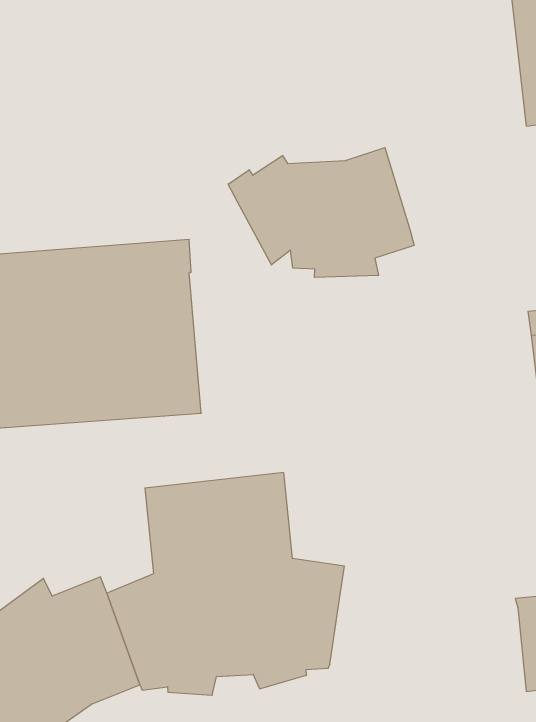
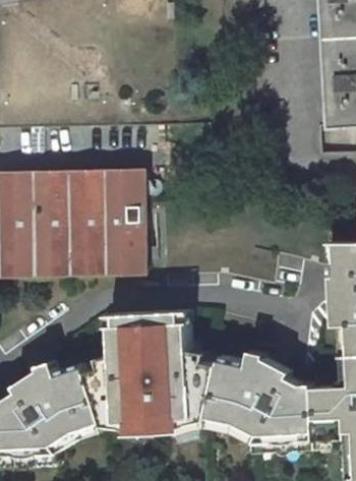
building: [228,148,414,277] -> none
building: none -> [202,351,310,450]

